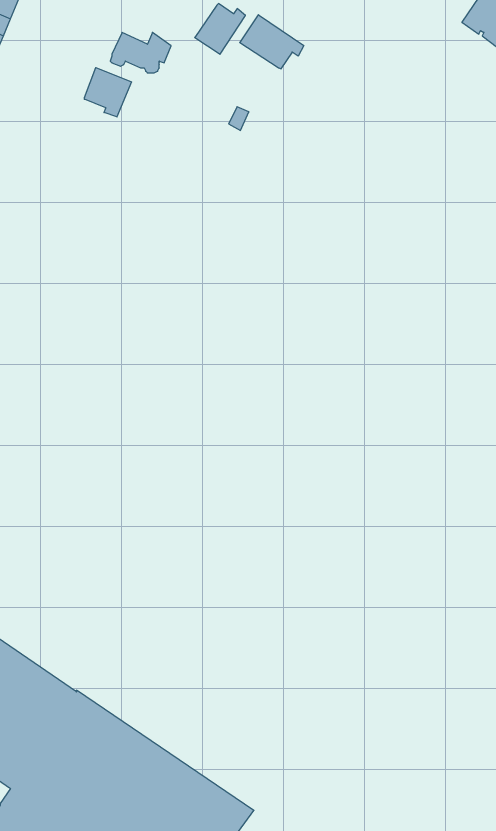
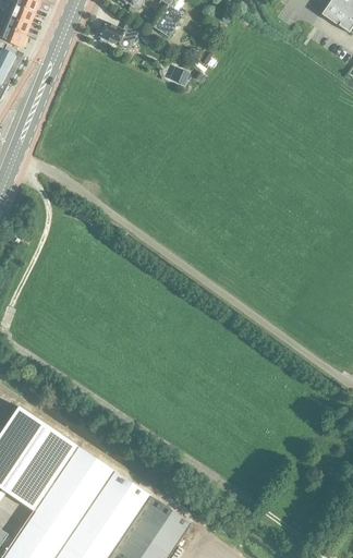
building: [240,15,304,69] -> none
building: [84,68,132,117] -> none

